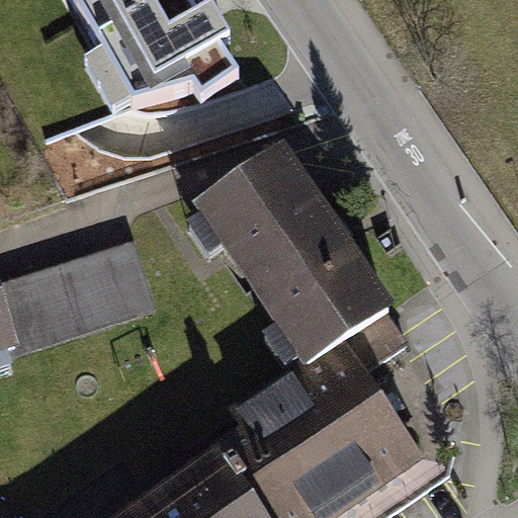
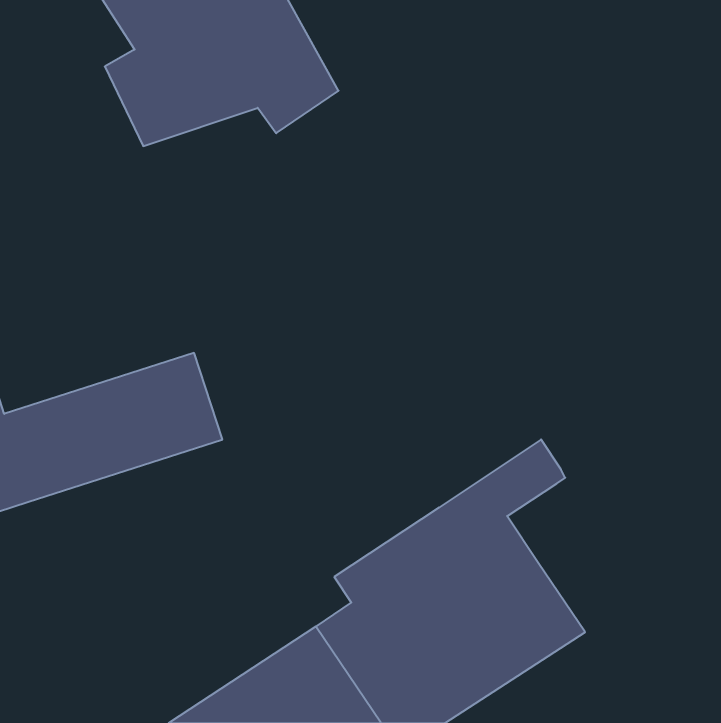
building: [207,150,395,362] -> none

